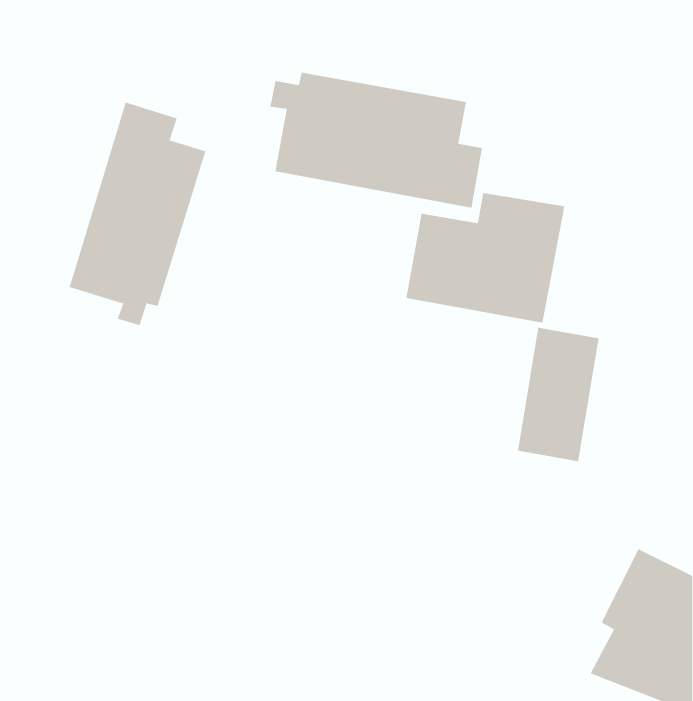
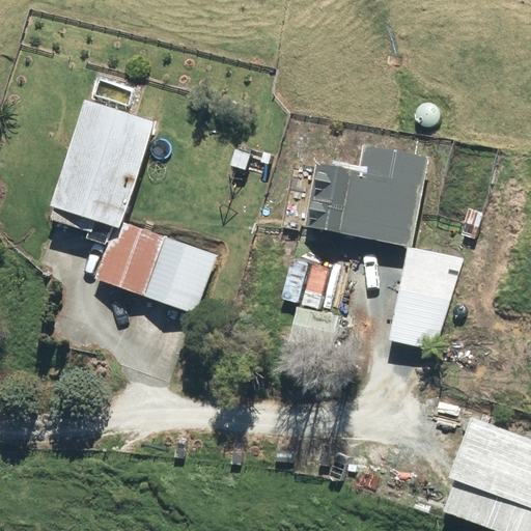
building: [270,72,482,208] -> none
building: none -> [94,223,217,319]

